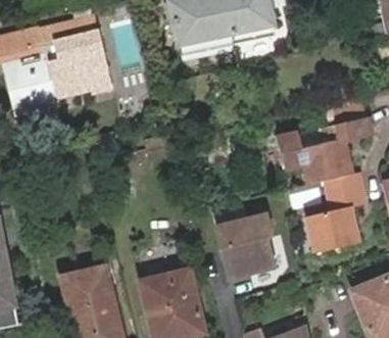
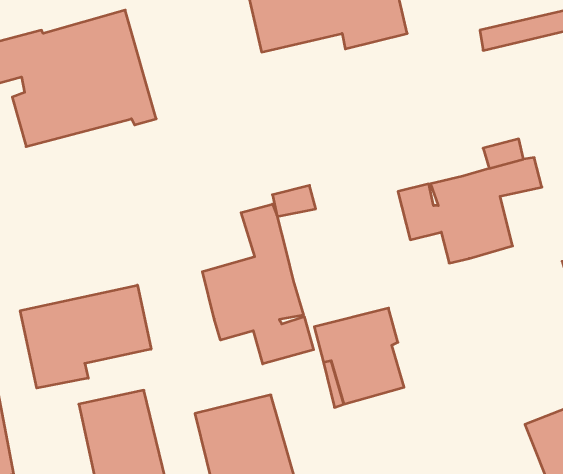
building: none -> [202,204,314,364]
building: [304,171,366,255] -> none
building: none -> [20,285,151,388]

